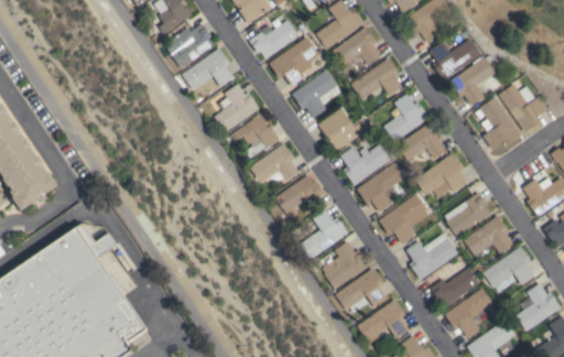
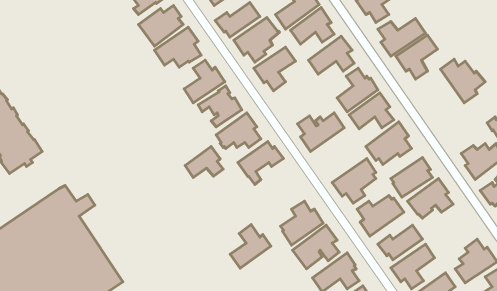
building: [475,96,522,149] -> none
building: [318,107,369,151] -> none
building: [357,162,405,212] -> none
building: none -> [185,147,223,177]
building: [303,208,348,257] -> [230,224,271,268]
building: [482,246,534,291] -> none

